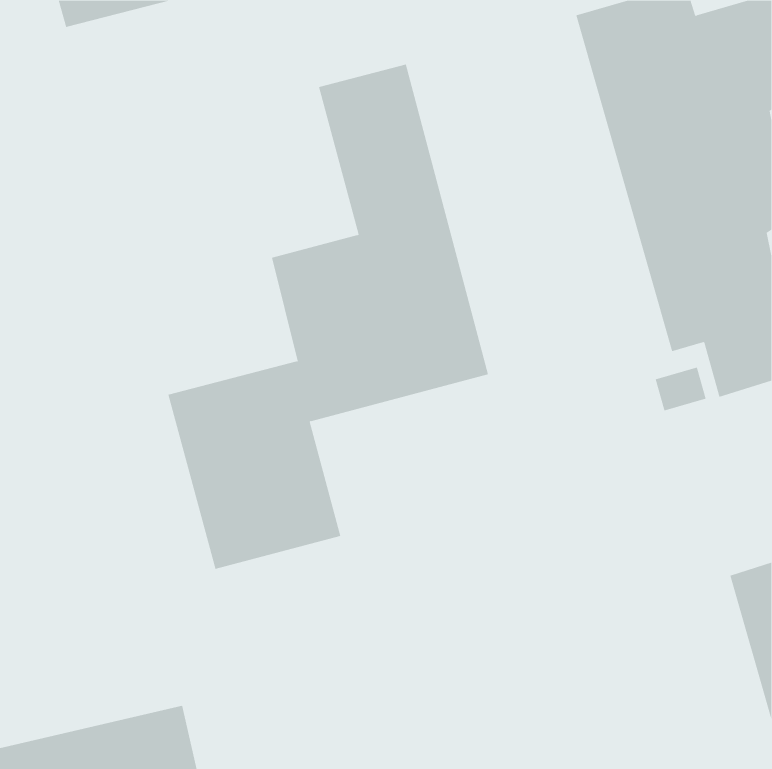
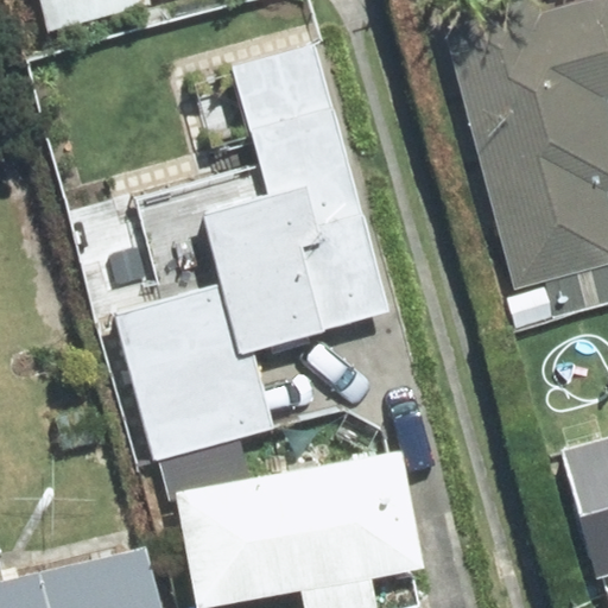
building: none -> [190,466,416,598]

